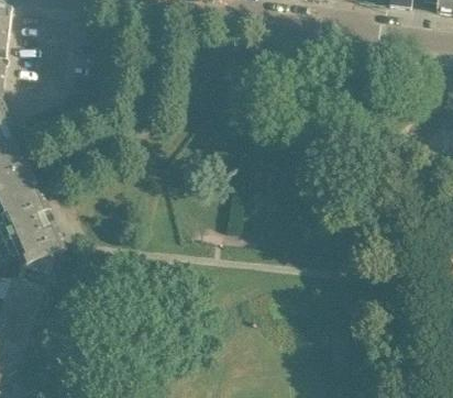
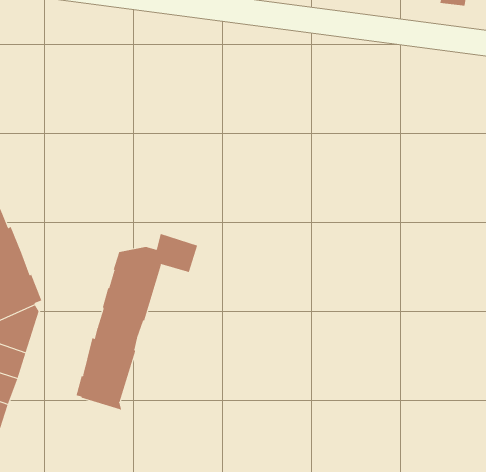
building: none -> [76,233,198,411]

